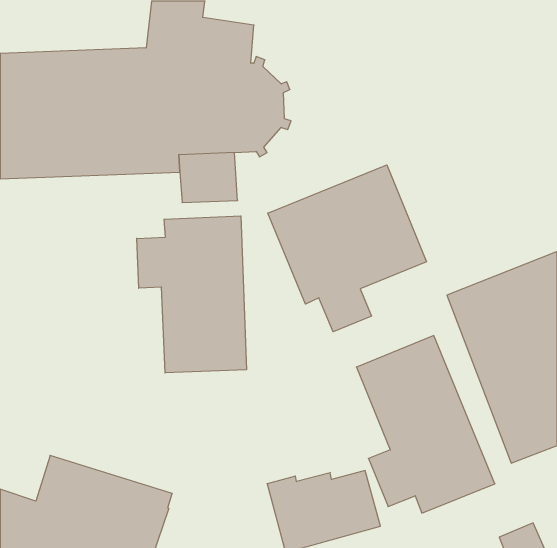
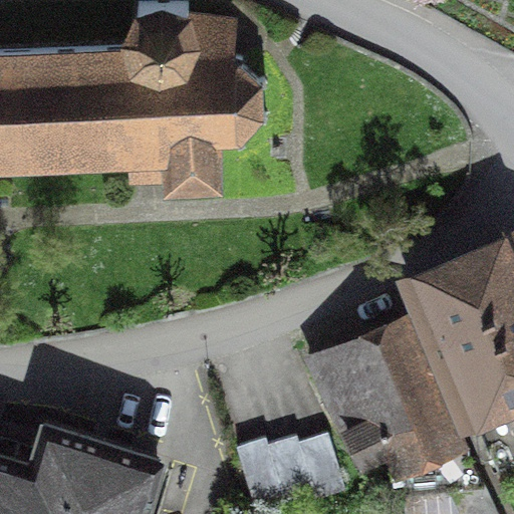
building: [268,165,426,332] -> none
building: [137,216,246,373] -> none

